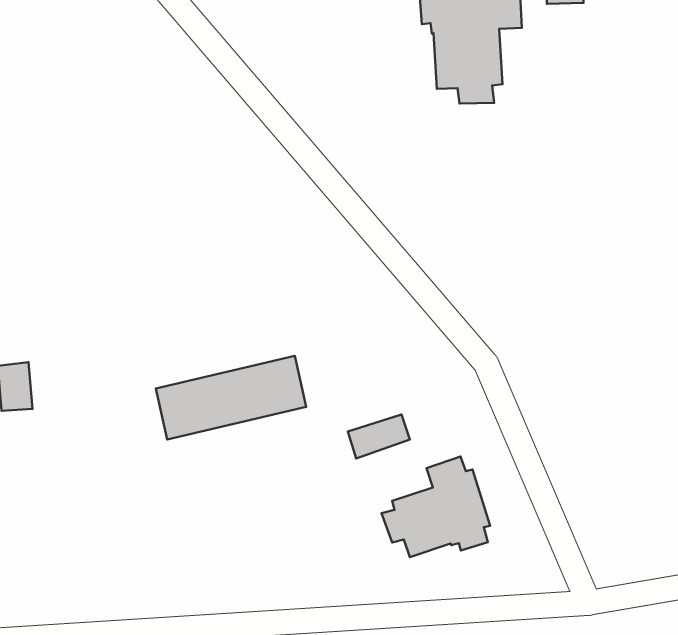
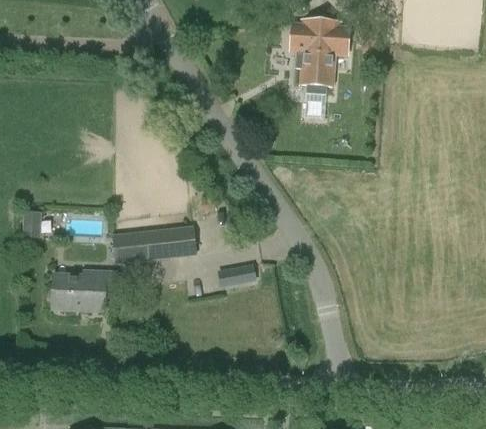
building: none -> [52,269,115,309]
building: [381,456,490,557] -> none

